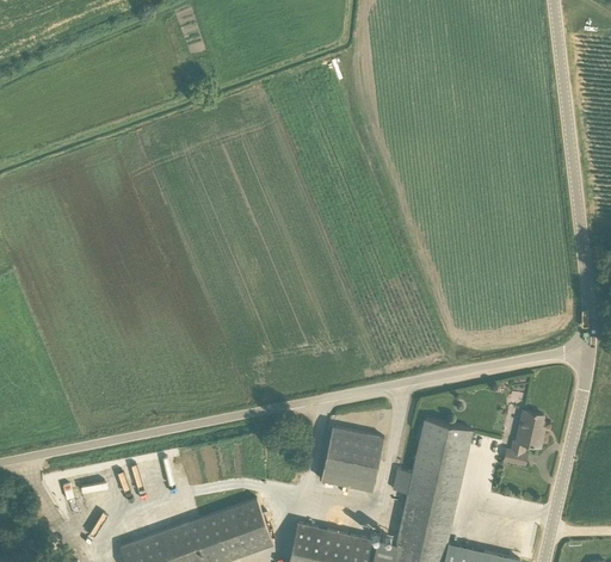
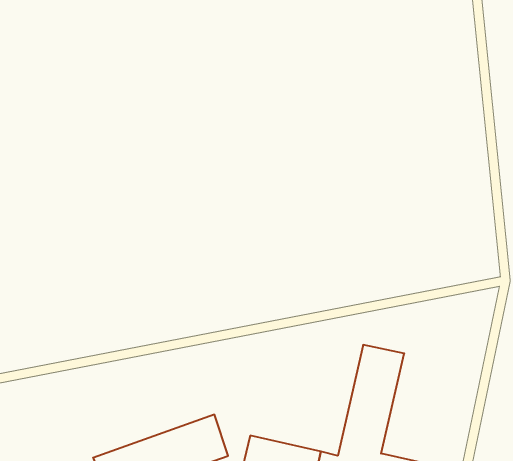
building: [502,413,543,467] -> none
building: [320,428,383,493] -> none

